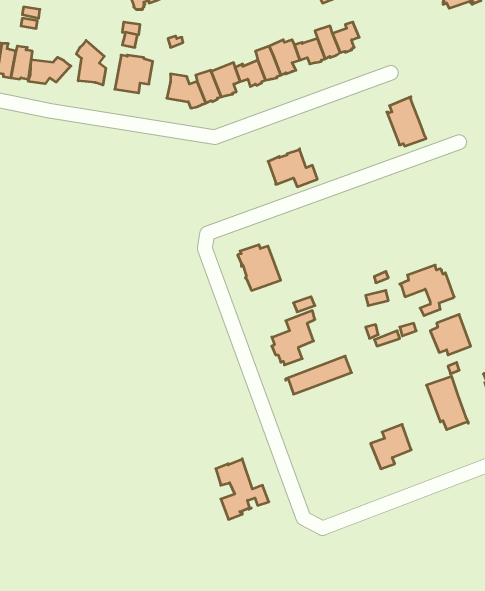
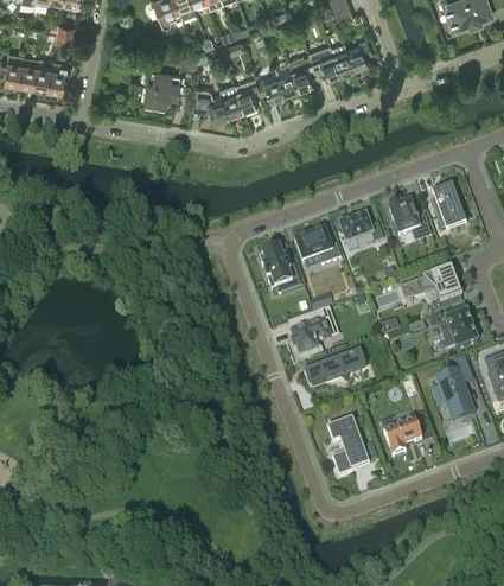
building: [76,40,106,85] -> none
building: [28,57,71,84] -> none
building: [387,97,426,146] -> [429,185,466,231]
building: [268,149,317,187] -> [295,229,342,265]
building: none -> [389,202,430,238]
building: none -> [339,215,383,243]
building: [216,459,269,519] -> [327,419,377,476]

